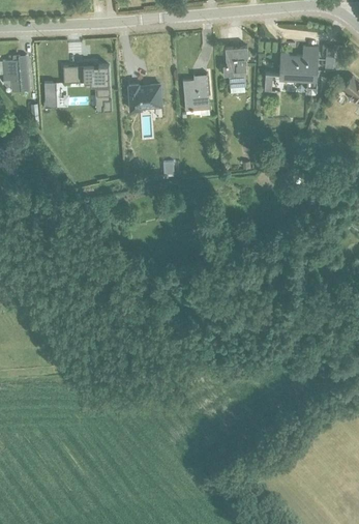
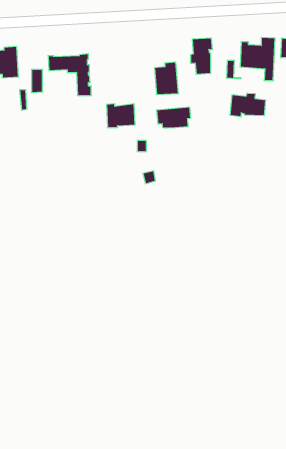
building: [129,84,161,111] -> [107,104,135,128]
building: none -> [230,93,266,117]
building: none -> [157,107,190,128]

